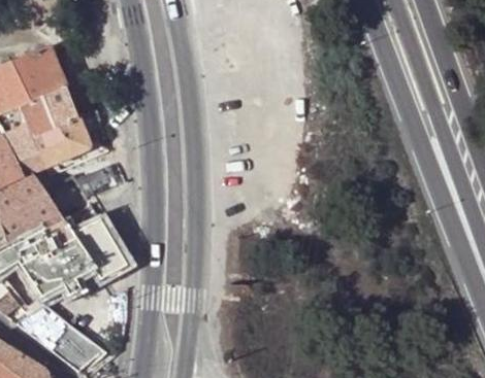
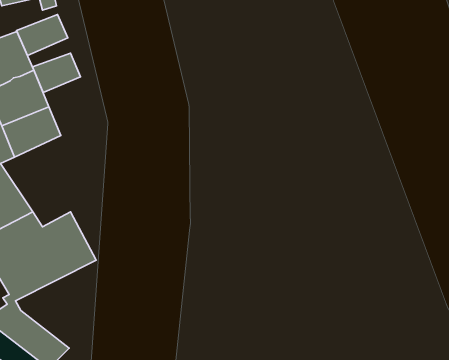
building: none -> [16,14,68,56]
building: none -> [32,53,81,93]

